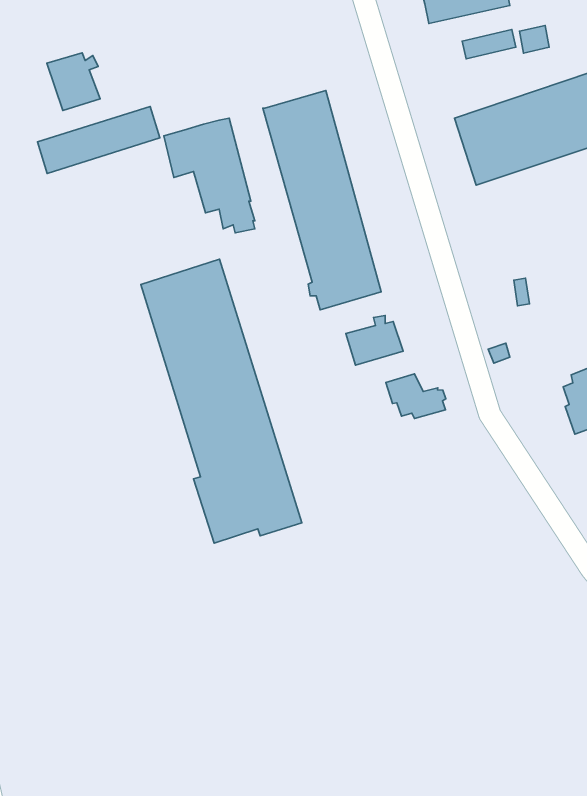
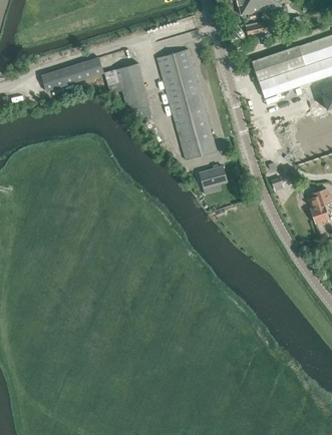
building: [47,53,100,111] -> none
building: [141,259,302,543] -> none
building: [386,374,446,419] -> none

